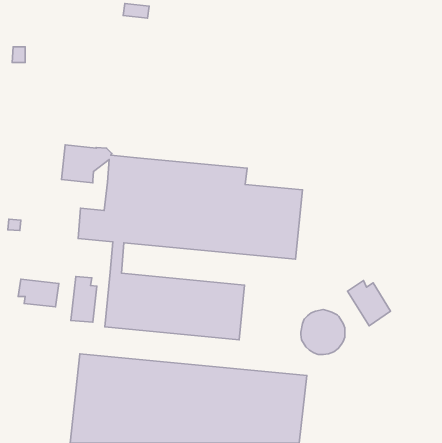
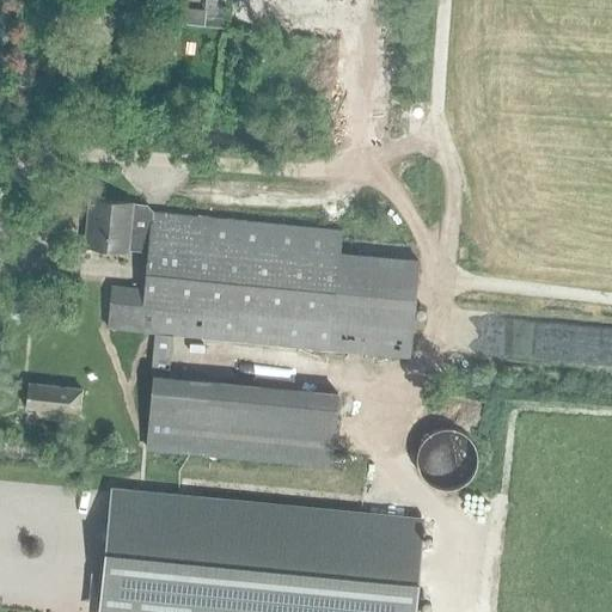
building: [71,277,97,322] -> none
building: [347,280,391,326] -> none

